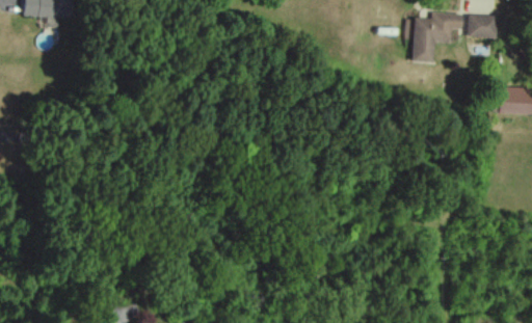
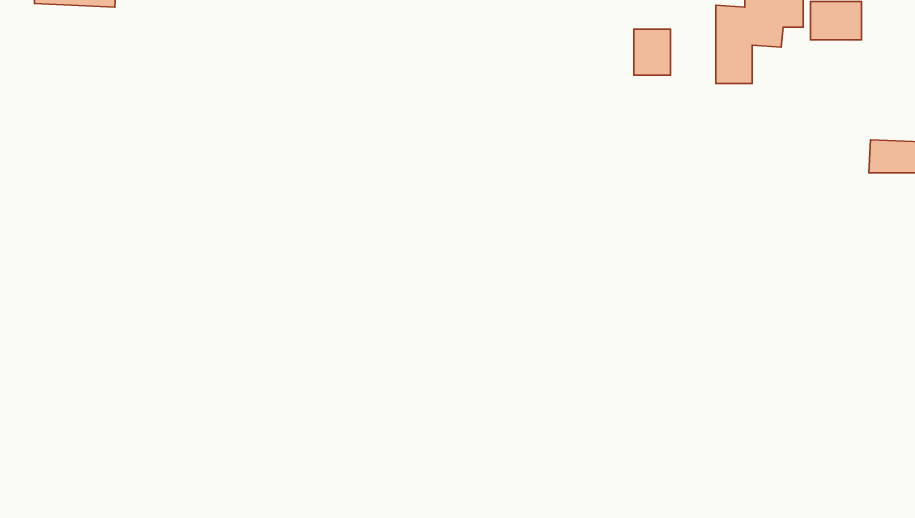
building: none -> [634,29,671,75]

